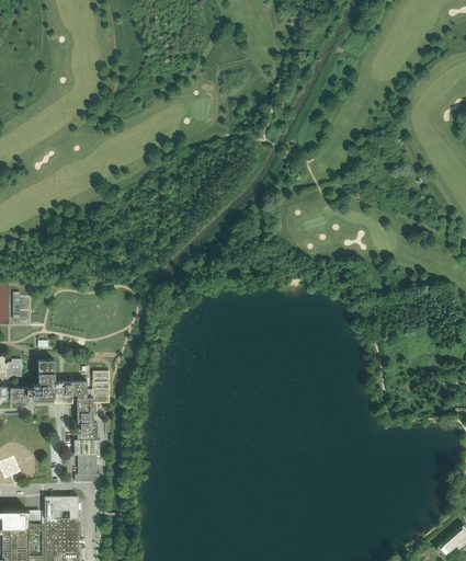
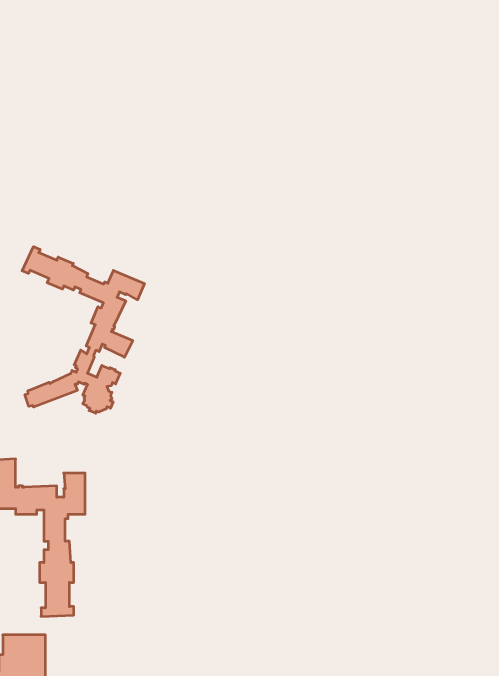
building: none -> [22,247,144,413]

